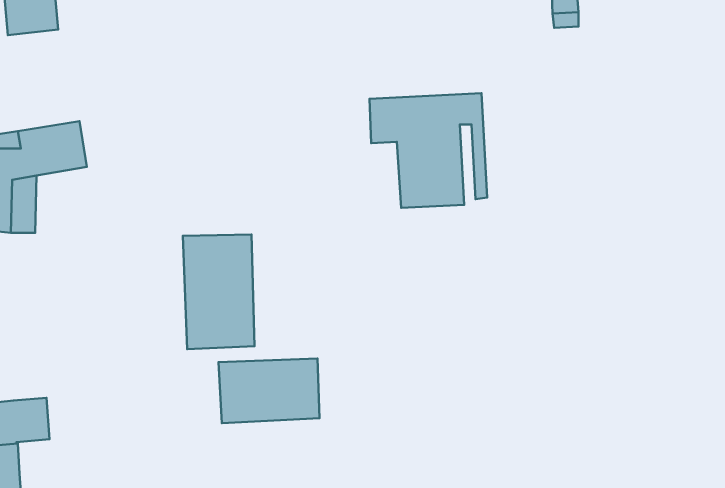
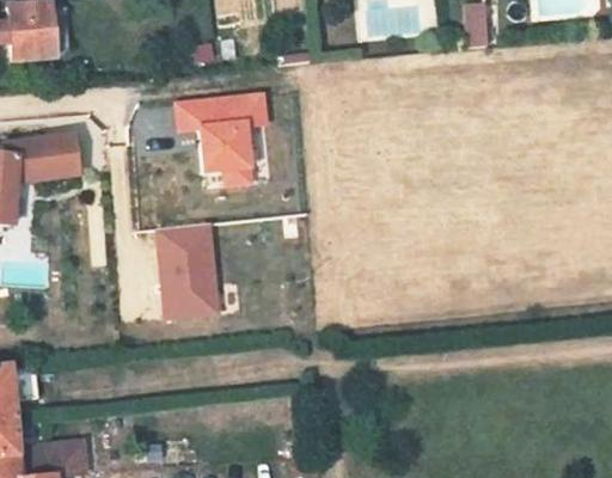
building: [370,93,487,208] -> [173,93,271,189]
building: [219,359,320,423] -> none

